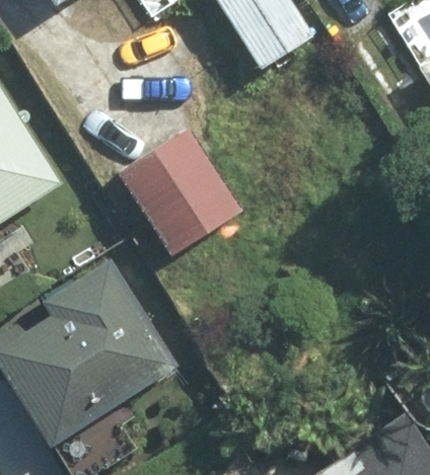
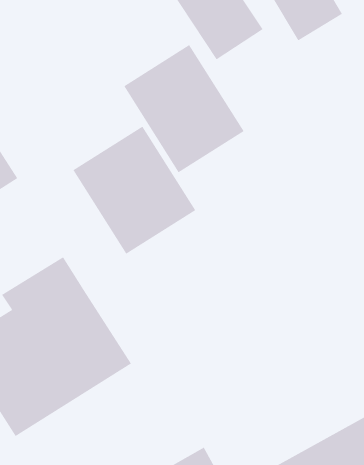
building: none -> [123,44,244,173]

